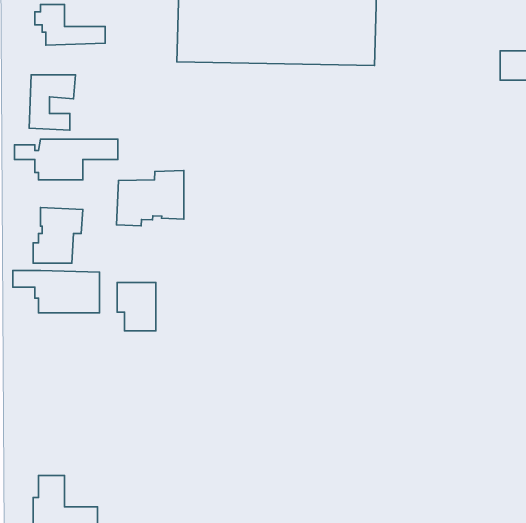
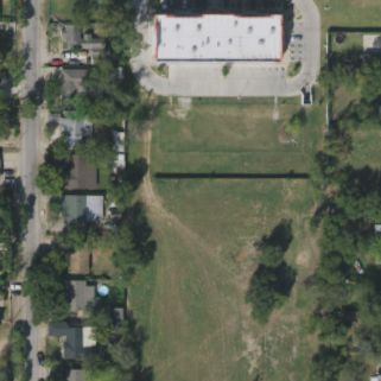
building: [117,170,184,226] -> none
building: [117,283,156,331] -> [64,243,89,274]
building: none -> [59,280,103,311]

